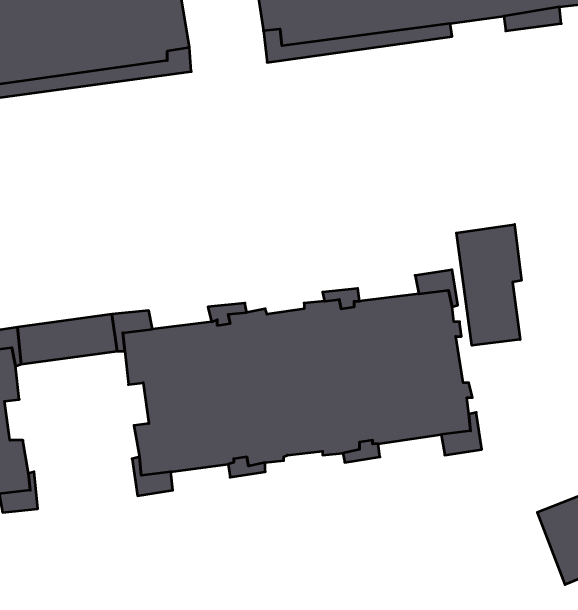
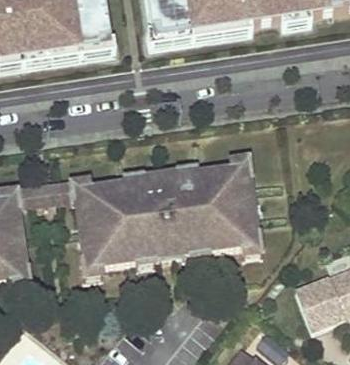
building: [456,224,521,345] -> none

